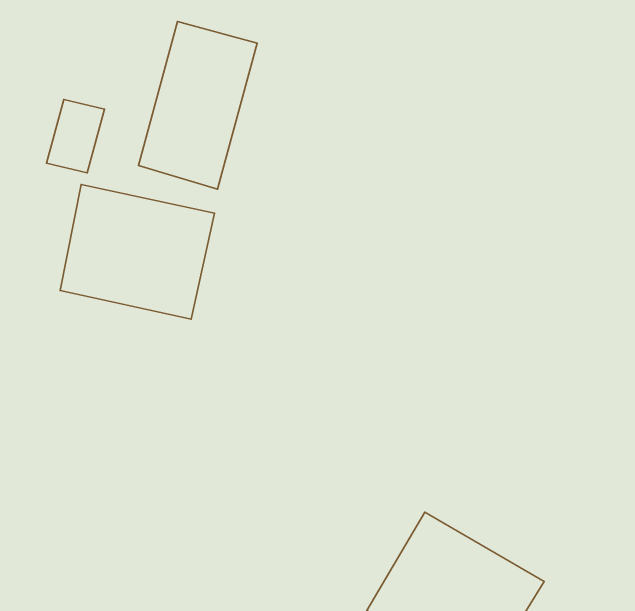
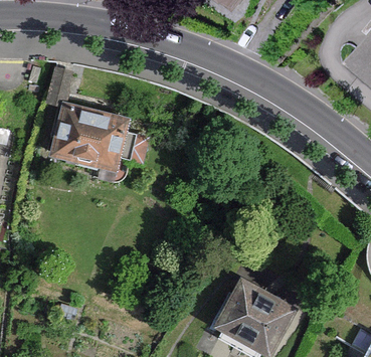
building: [139,21,257,189] -> none

